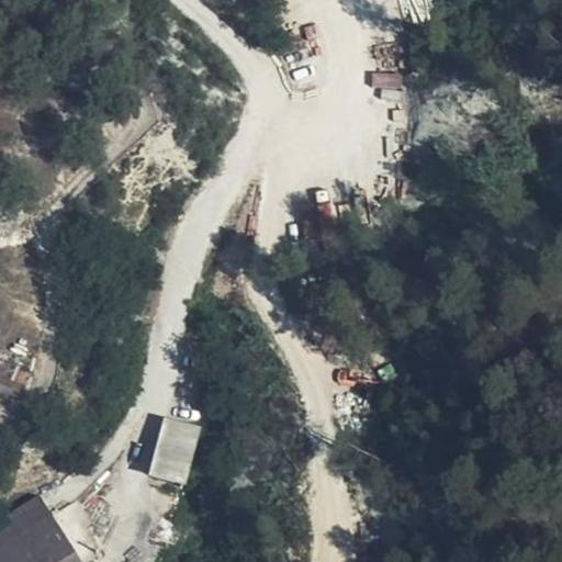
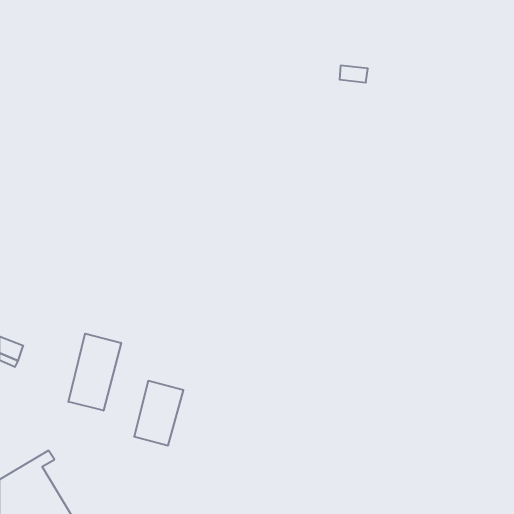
building: none -> [68,334,121,411]

